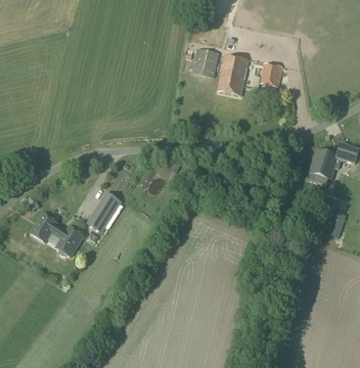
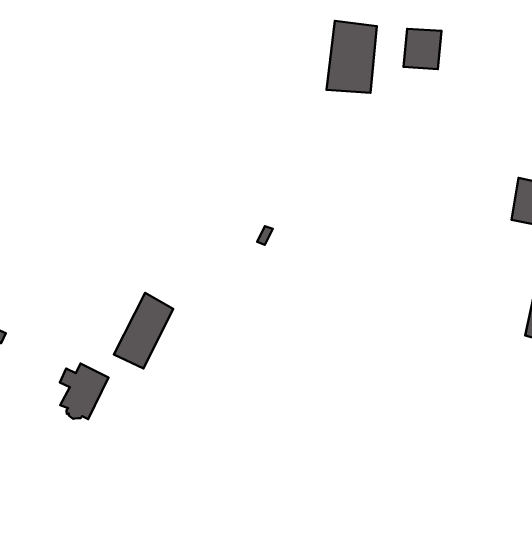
building: [186,48,219,78] -> none
building: [31,214,60,242] -> none

